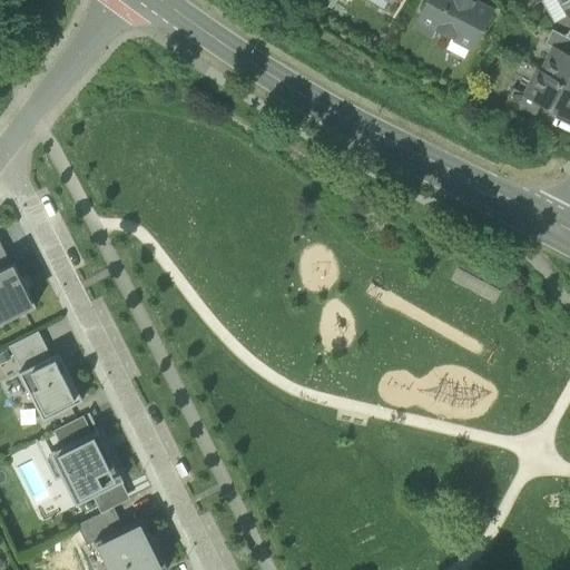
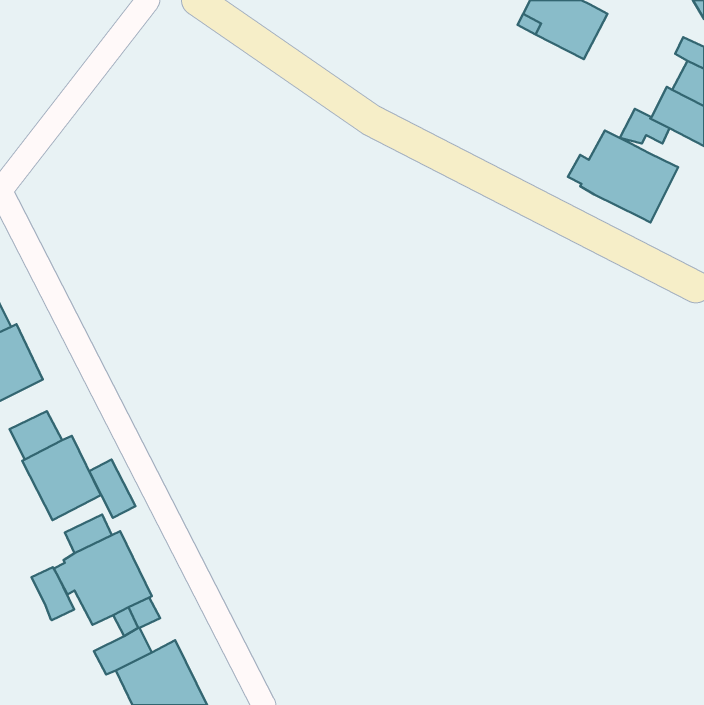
building: none -> [568,131,678,222]
building: none -> [89,459,135,518]
building: none -> [31,567,74,620]

